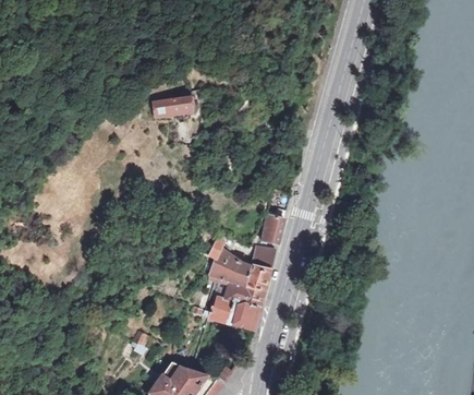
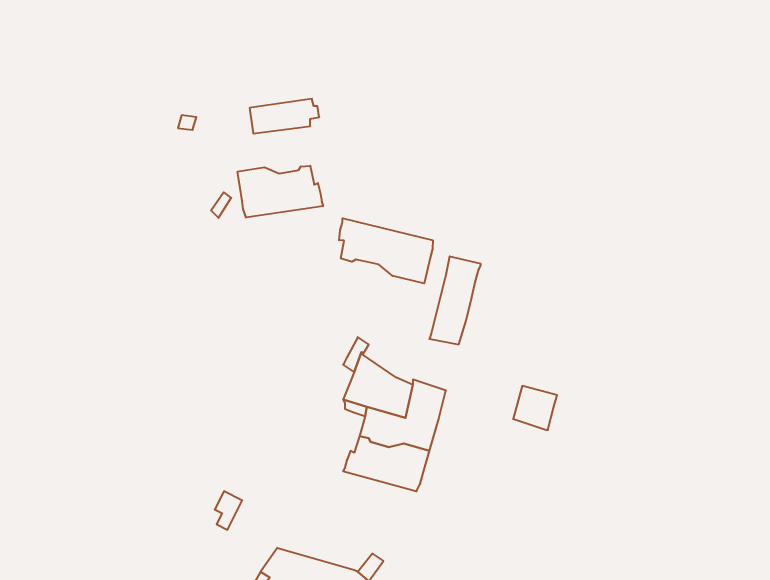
building: none -> [238,166,323,218]
building: none -> [339,218,433,283]
building: [250,243,276,270] -> [513,386,557,430]

